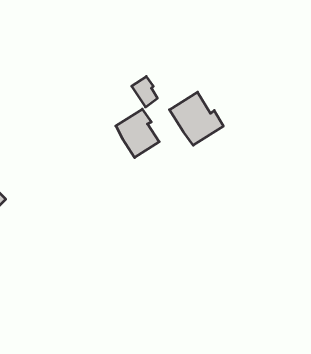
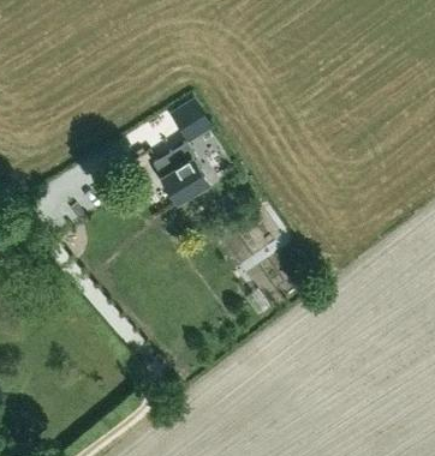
building: [169,92,223,145] -> none

